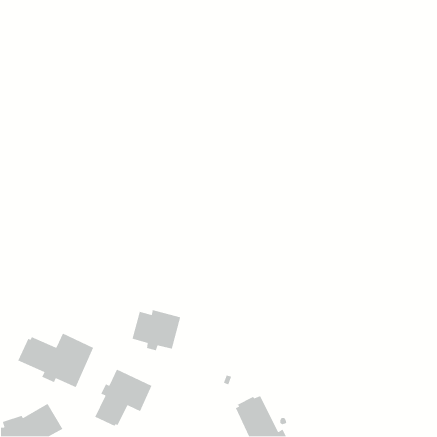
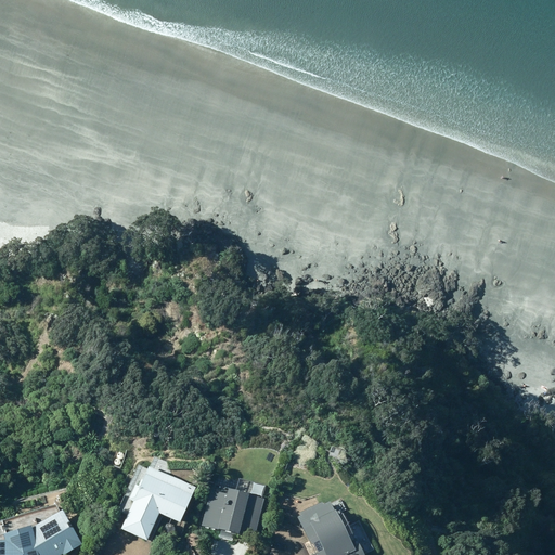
building: [132,309,181,351] -> [202,487,264,540]
building: [17,332,94,388] -> none

